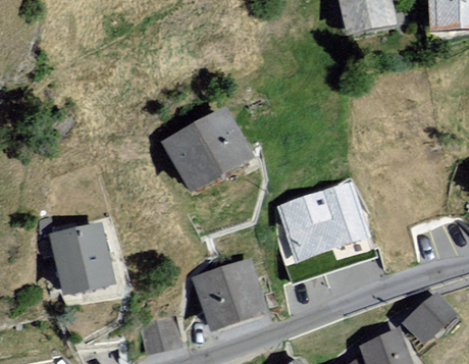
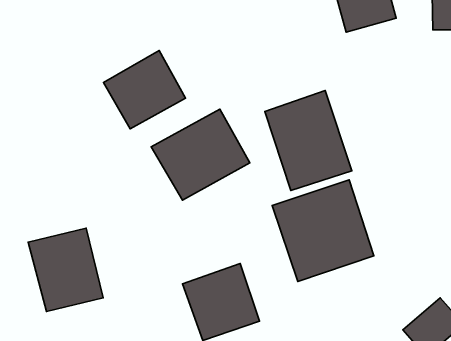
building: none -> [104,51,186,129]
building: none -> [265,91,352,191]

